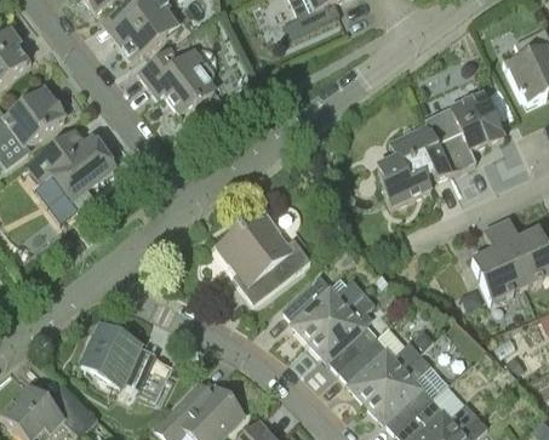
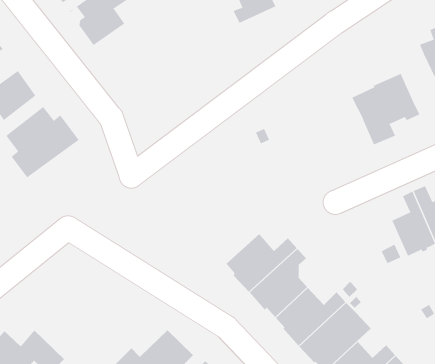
building: [138,45,216,112] -> none
building: [377,120,452,206] -> none
building: [217,213,311,302] -> none
building: [81,325,162,402] -> none

